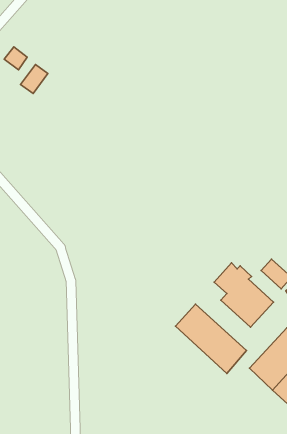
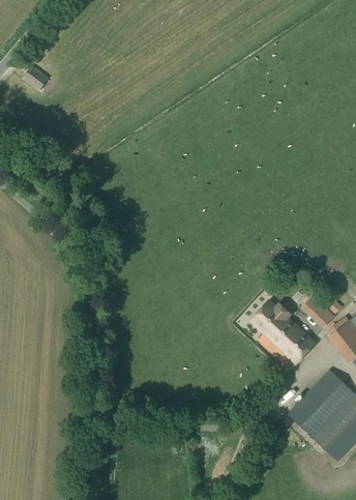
building: [21,64,48,94] -> none
building: [176,304,247,374] -> none

